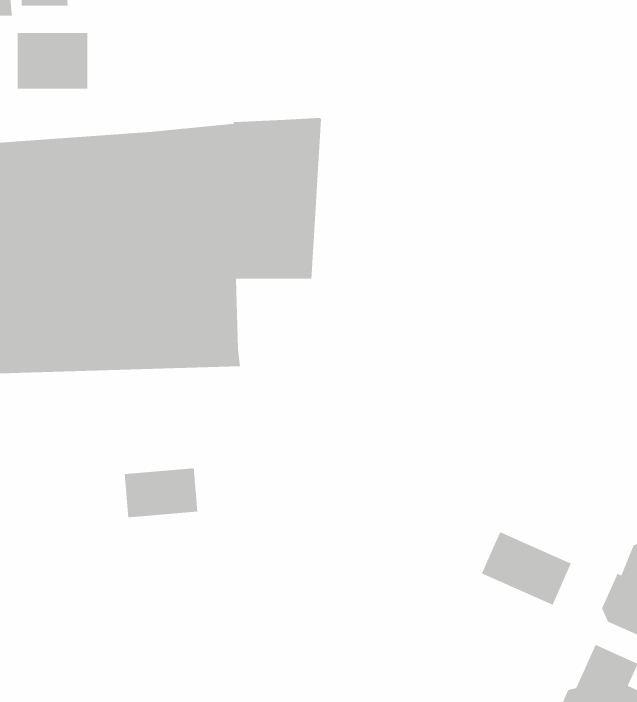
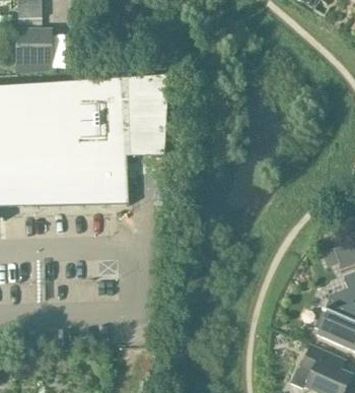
building: [124,467,198,518] -> none
building: [481,531,572,606] -> none

